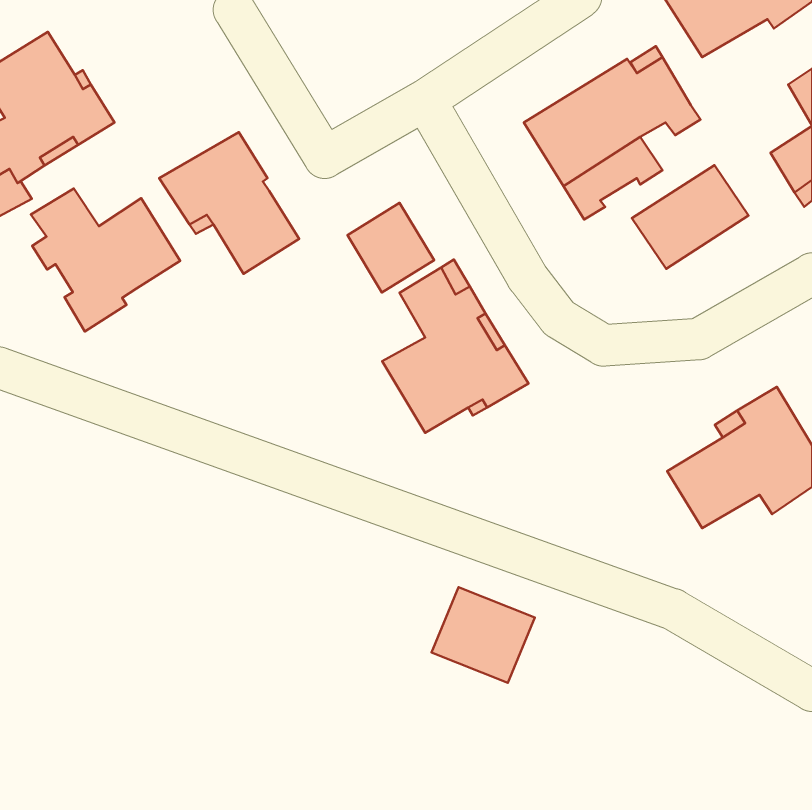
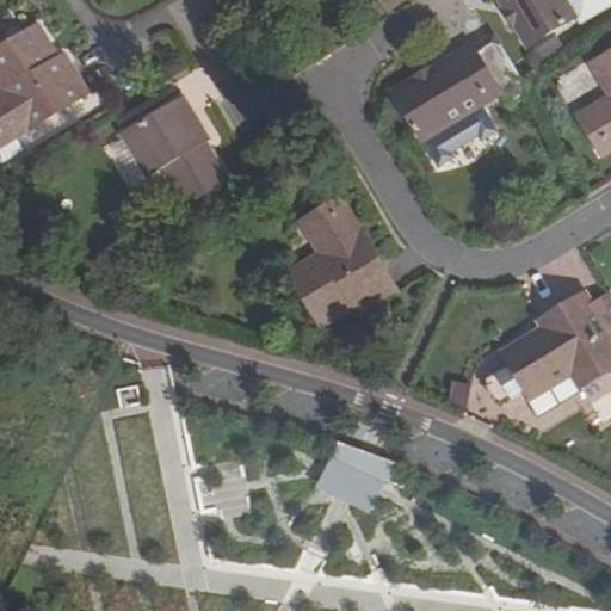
building: [632,165,749,269] -> none
building: [31,188,180,332] -> none
building: [347,203,434,293] -> none

